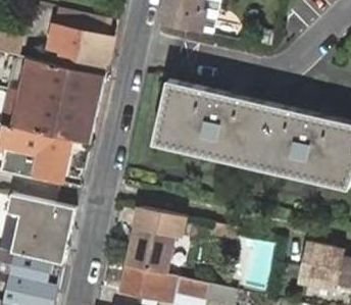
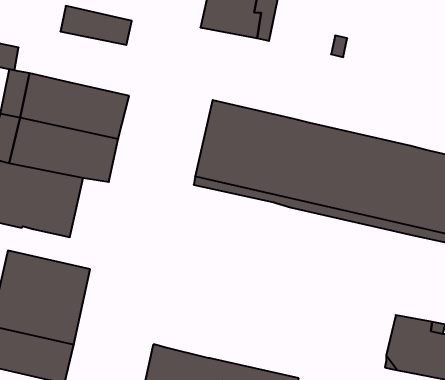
building: [49,27,112,75] -> none
building: [124,206,185,274] -> none

